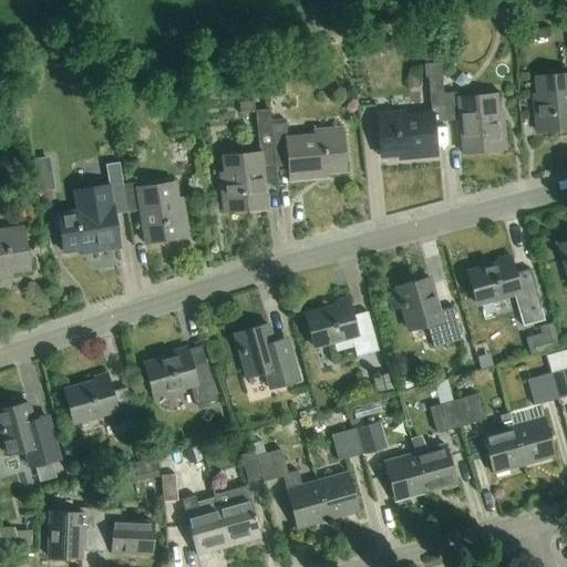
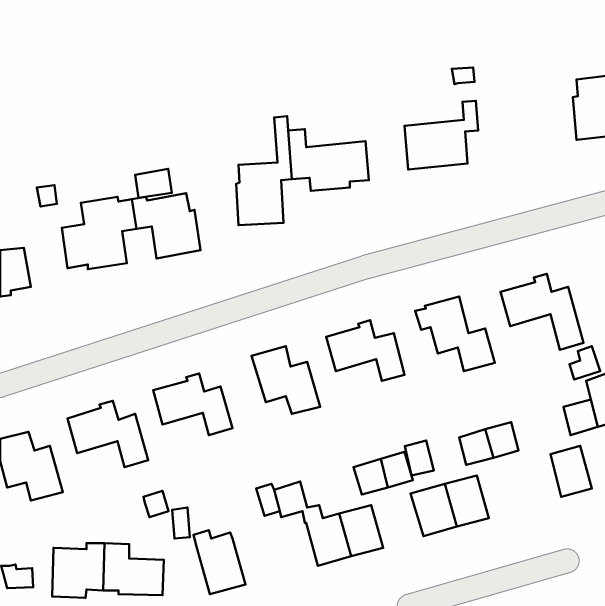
building: [445,93,506,152] -> none
building: none -> [135,169,172,198]
building: none -> [405,441,434,475]
building: [483,412,525,473] -> none
building: [218,494,261,546] -> none

